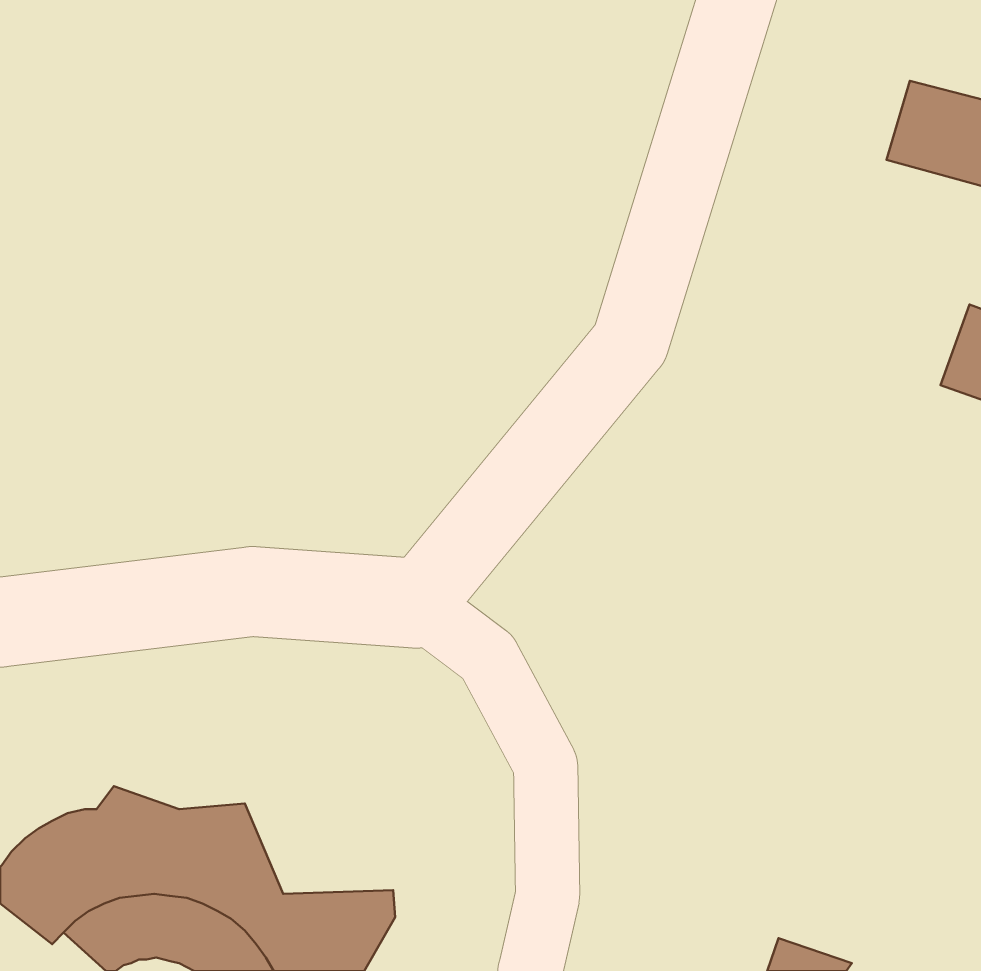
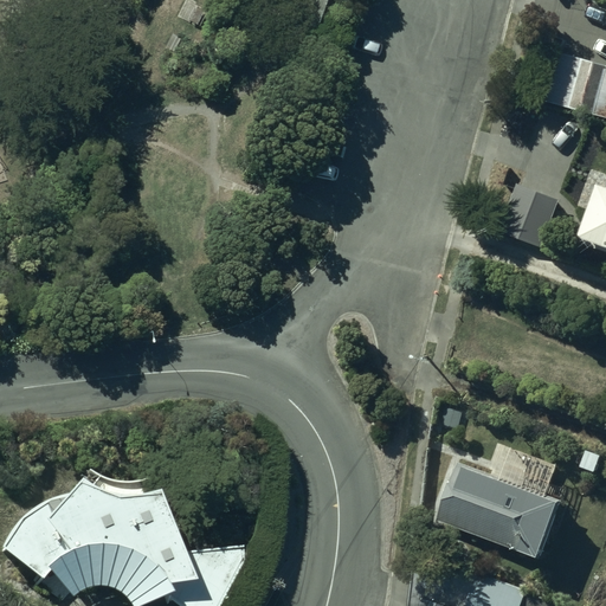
building: none -> [505,186,559,244]
building: none -> [436,463,561,559]

